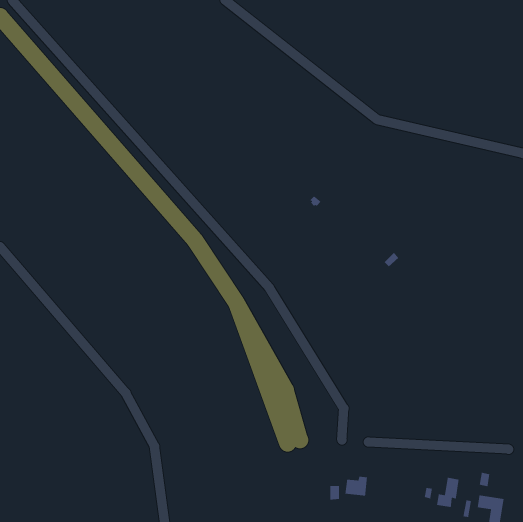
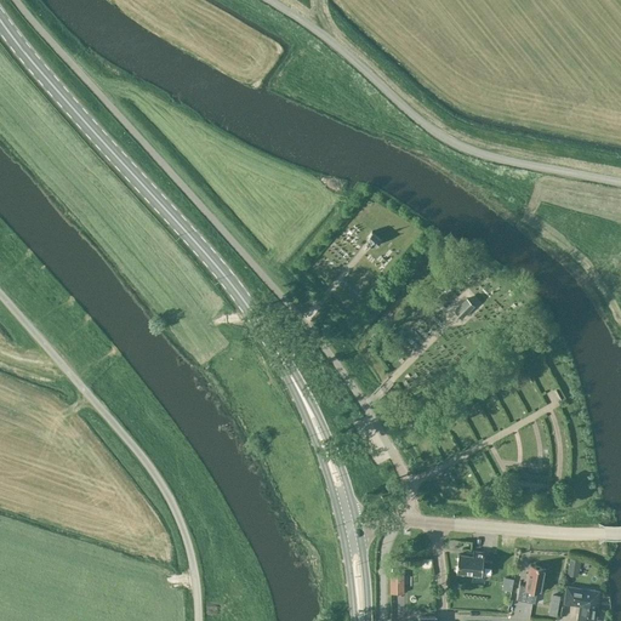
building: [344,476,368,496] -> [456,552,484,576]

